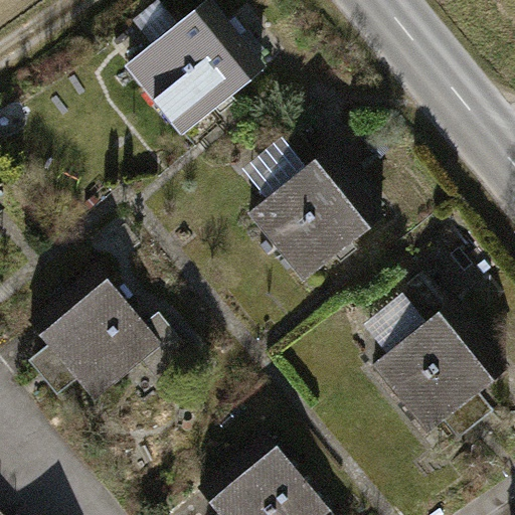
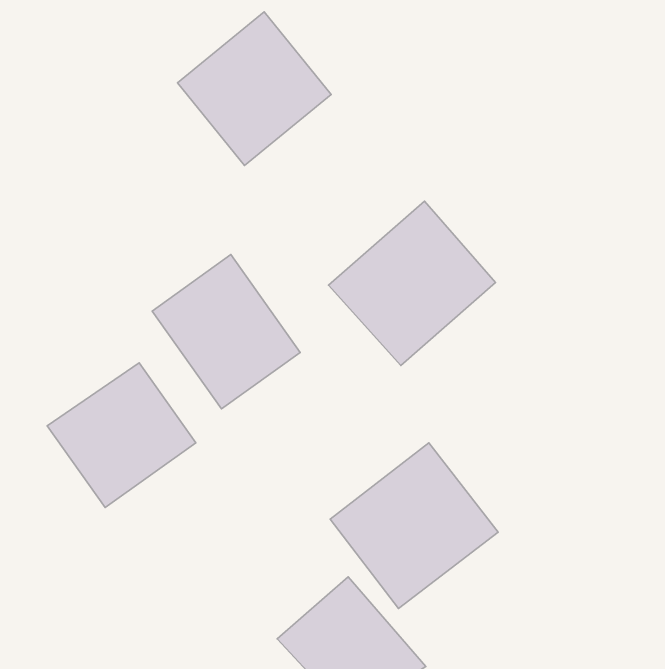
building: none -> [152,255,300,409]
building: [368,310,497,437] -> [330,443,498,608]

